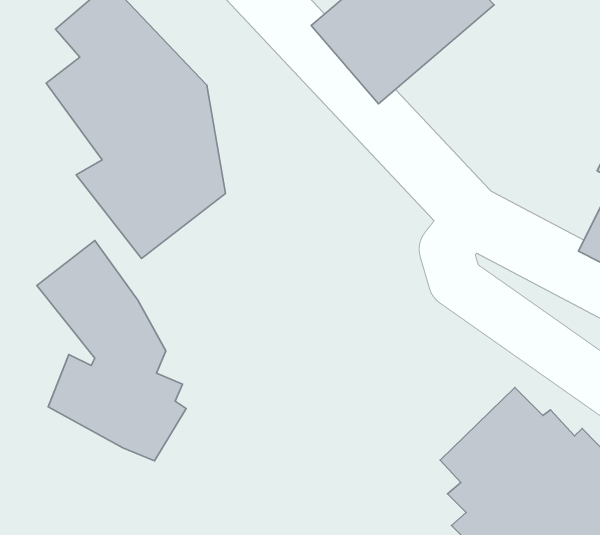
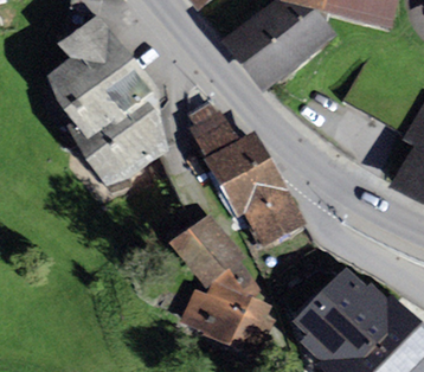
building: none -> [192,104,302,243]
building: [37,241,186,461] -> [174,214,269,354]

